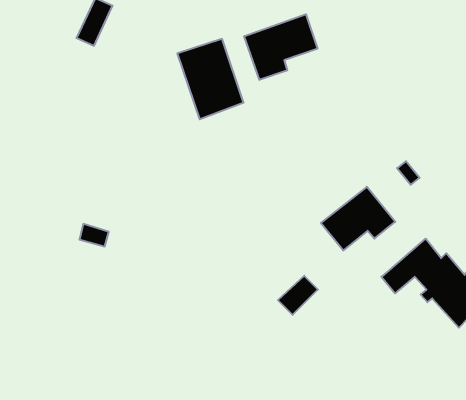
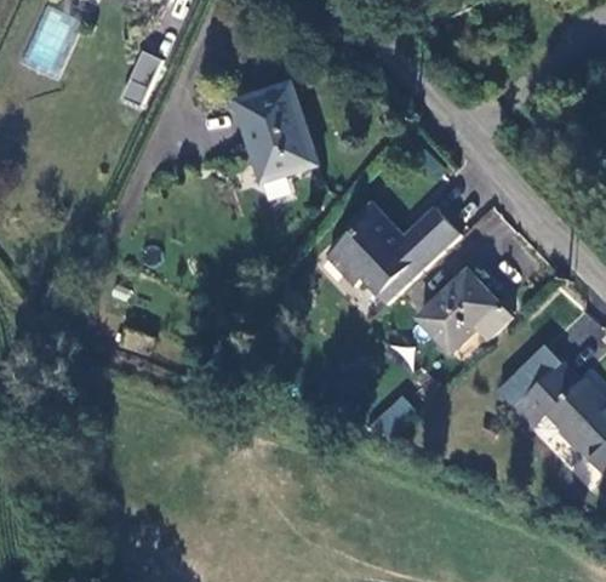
building: [244,14,317,80] -> none
building: none -> [327,200,461,303]

